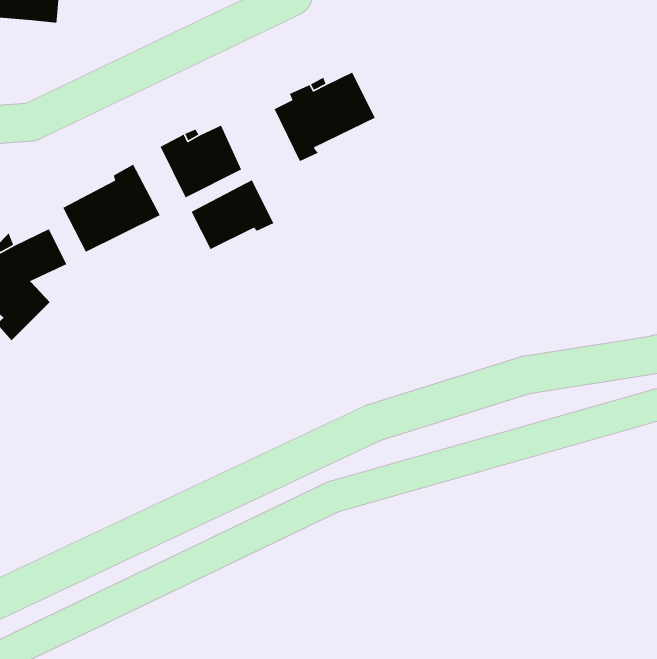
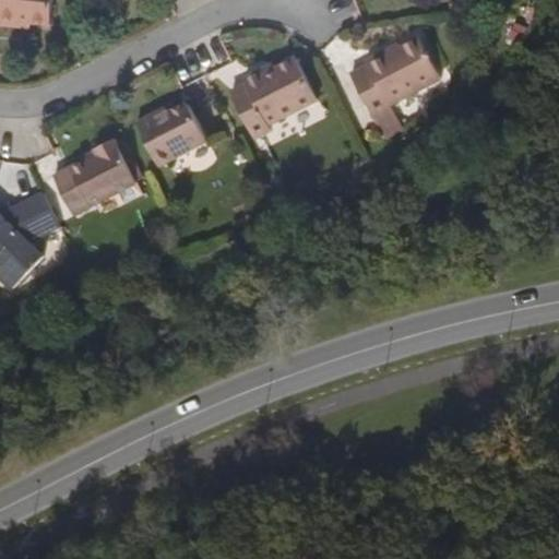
building: none -> [349,38,440,123]
building: [191,179,274,250] -> none

